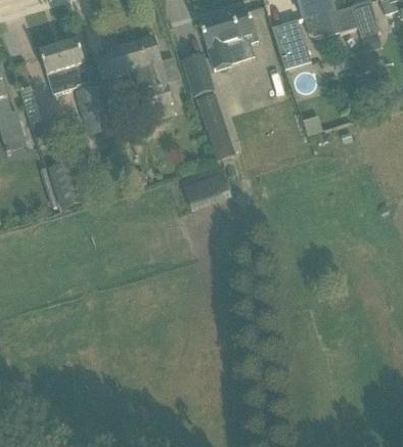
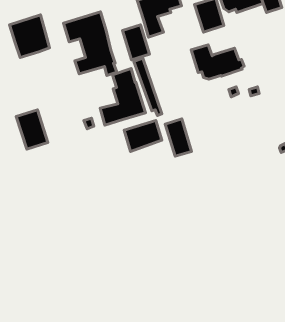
building: none -> [191,45,244,79]
building: [77,84,110,136] -> none
building: none -> [100,68,146,125]
building: none -> [165,119,192,156]

